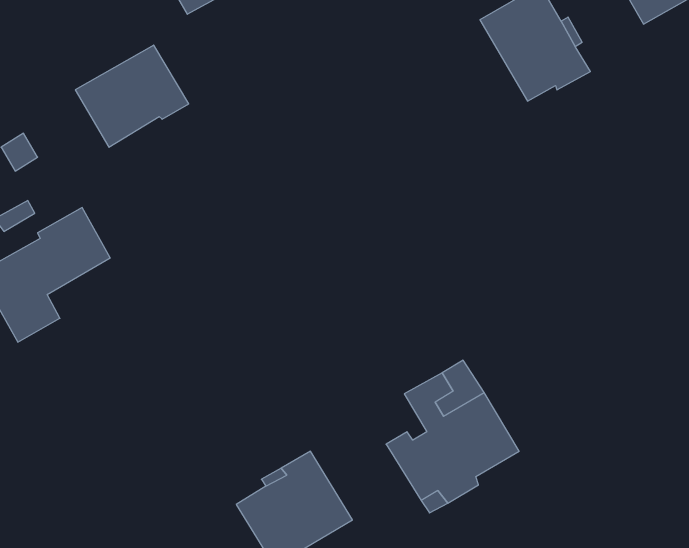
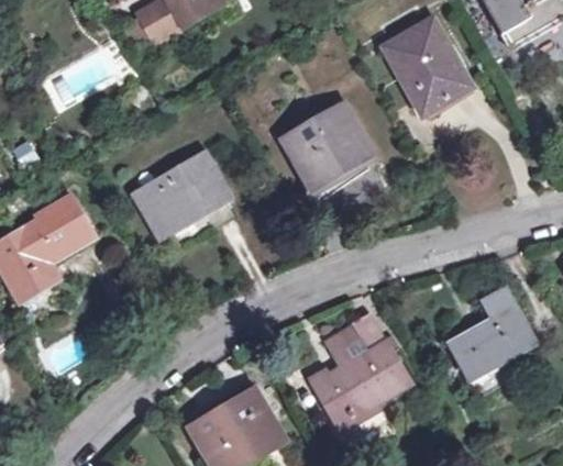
building: [75,45,189,147] -> [137,154,227,234]
building: none -> [285,104,371,189]
building: none -> [451,290,534,379]

